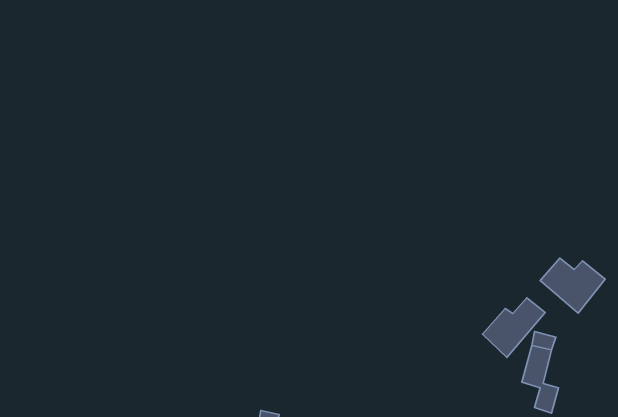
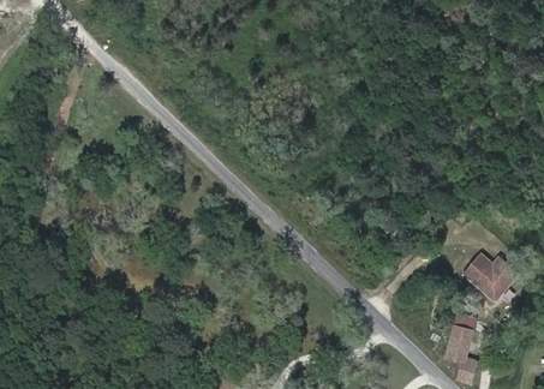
building: [482,298,545,357] -> none

